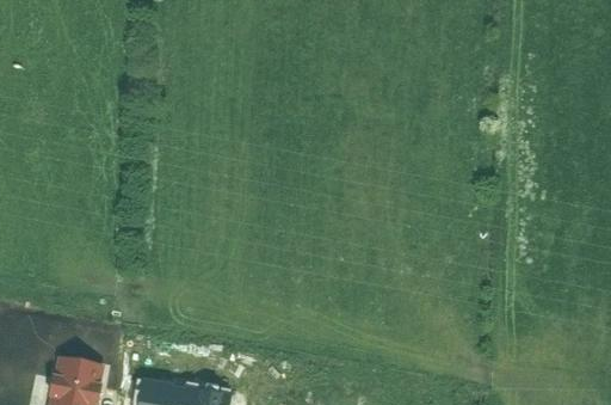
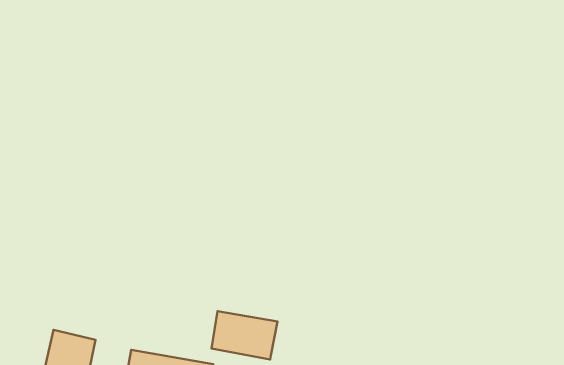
building: none -> [212,311,278,359]

